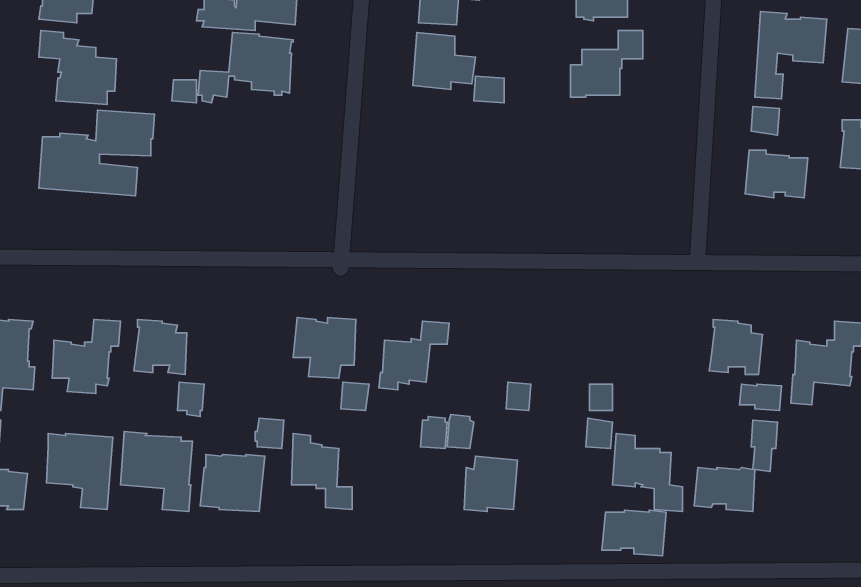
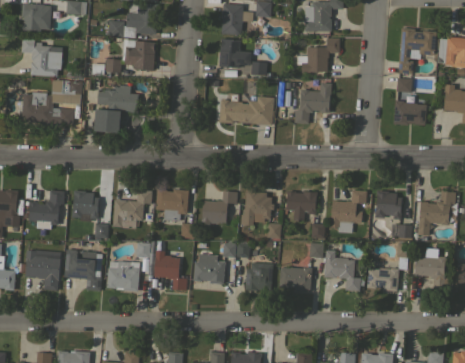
building: none -> [295,83,332,124]
building: none -> [95,85,139,133]
building: none -> [219,97,275,125]
building: none -> [113,190,153,229]
building: none -> [241,190,275,225]
building: none -> [331,190,368,227]
building: none -> [284,191,318,221]
building: none -> [194,254,226,284]
building: none -> [414,256,449,287]
building: [602,510,666,556] -> [279,267,313,291]

